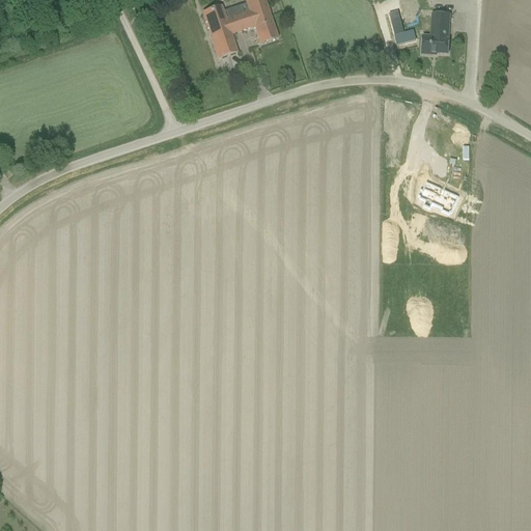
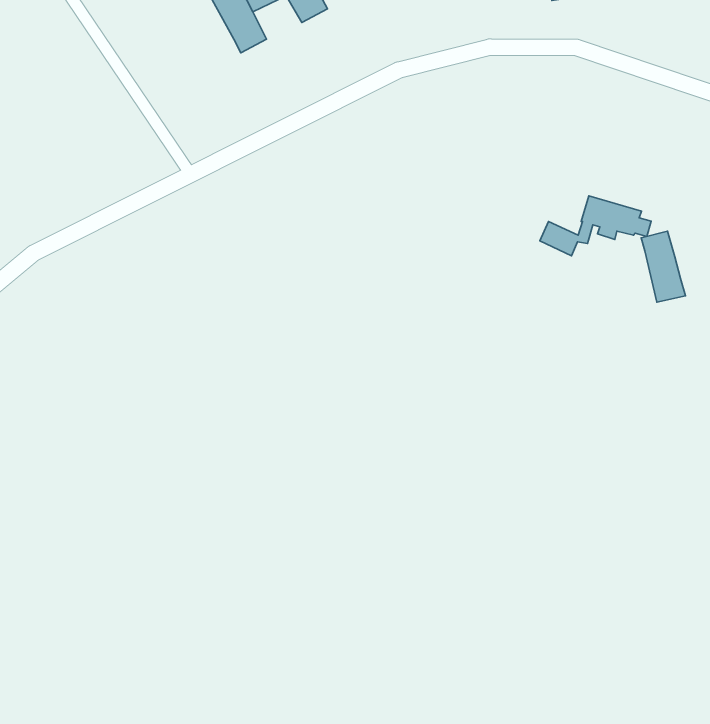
building: none -> [641,231,685,302]

